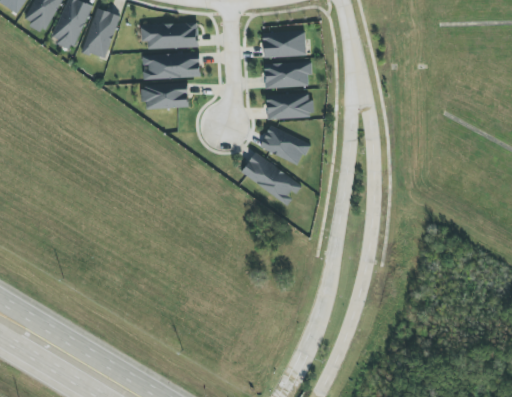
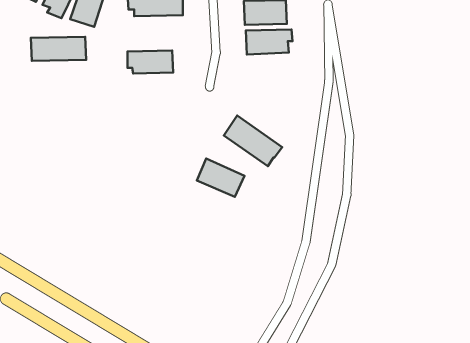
building: [142,53,200,78] -> [31,37,86,61]
building: [266,92,312,118] -> none
building: [259,125,309,165] -> [197,159,244,197]

